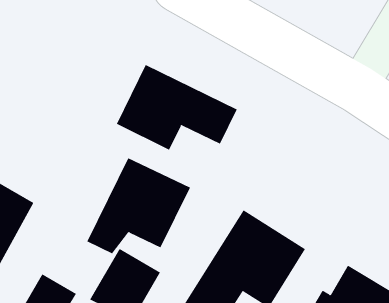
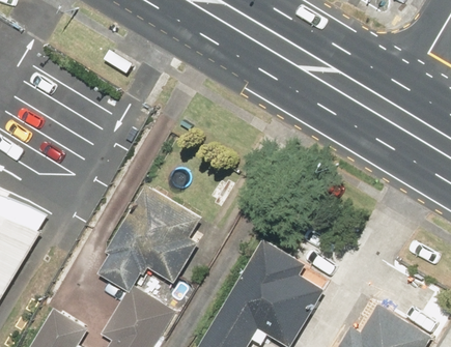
building: [116,64,237,151] -> none

